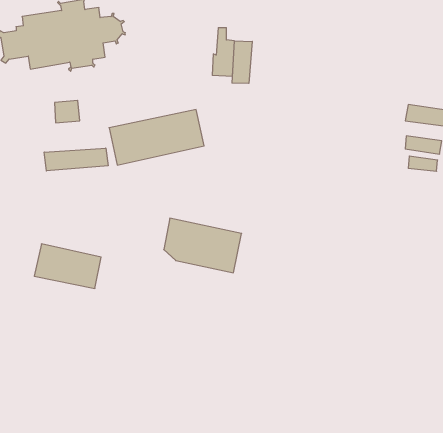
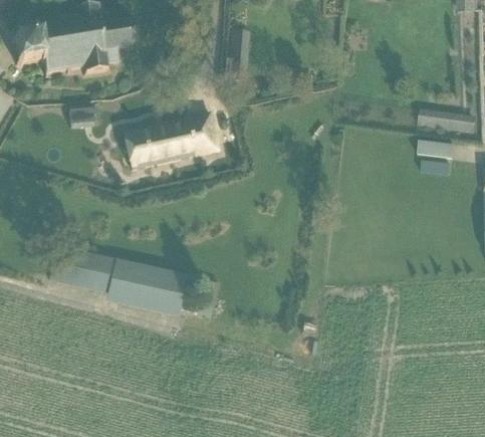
building: [232,41,252,83] -> none
building: [44,148,108,171] -> none
building: [164,218,242,273] -> [109,260,187,314]

